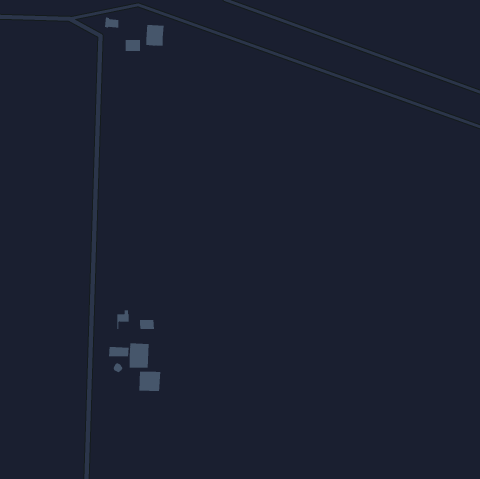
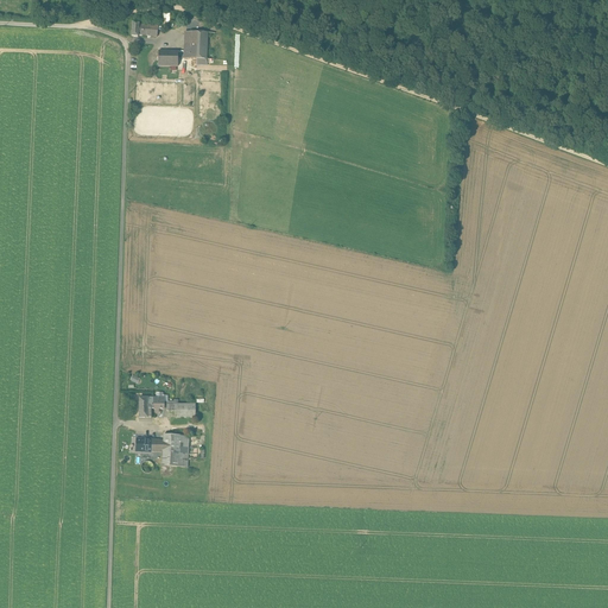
building: [139,371,161,392] -> none

